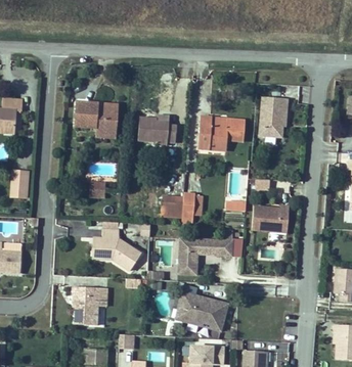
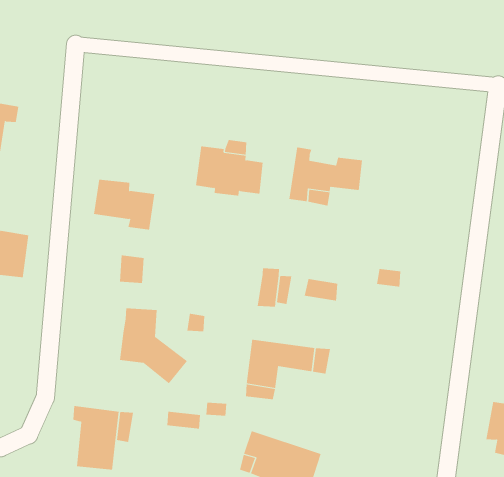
building: [260,96,291,137] -> none
building: [76,97,115,128] -> [93,179,155,230]
building: [160,192,184,215] -> none
building: [254,203,292,232] -> none

